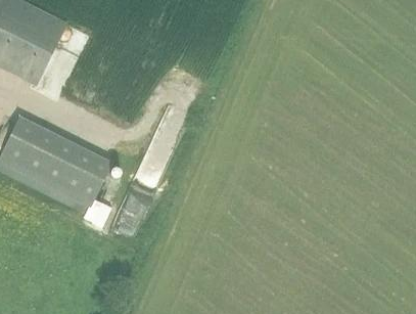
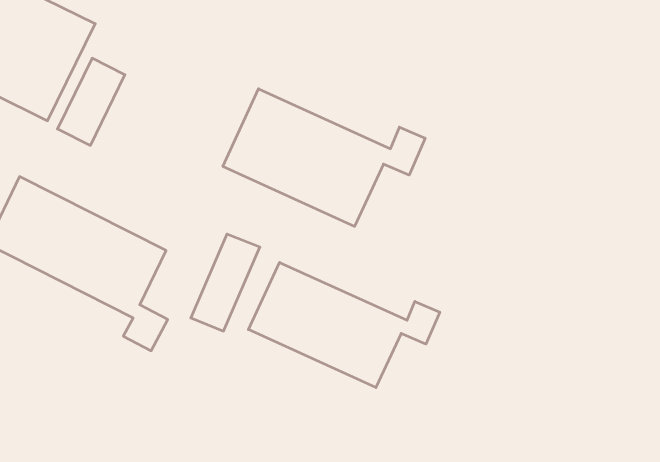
building: none -> [223,89,425,226]
building: none -> [248,262,440,388]

